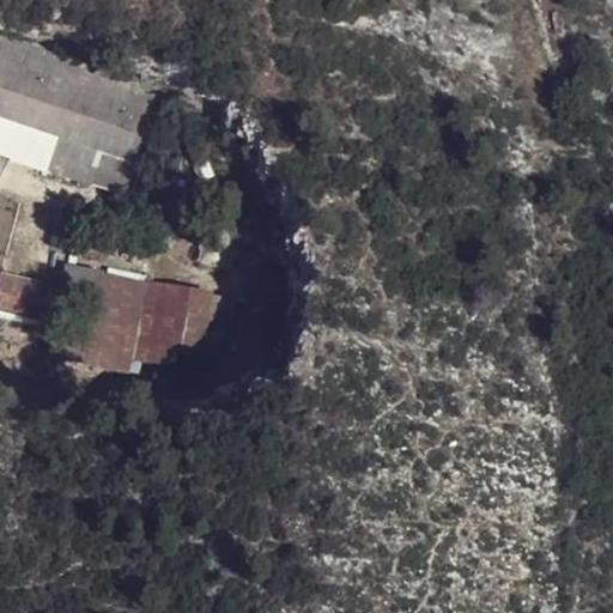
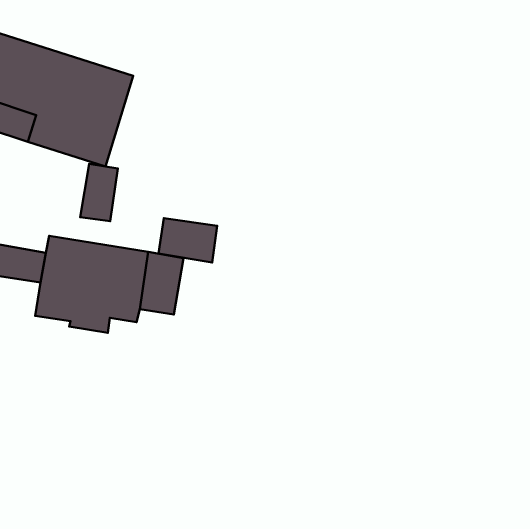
building: none -> [80,164,118,221]
building: none -> [158,218,217,262]

